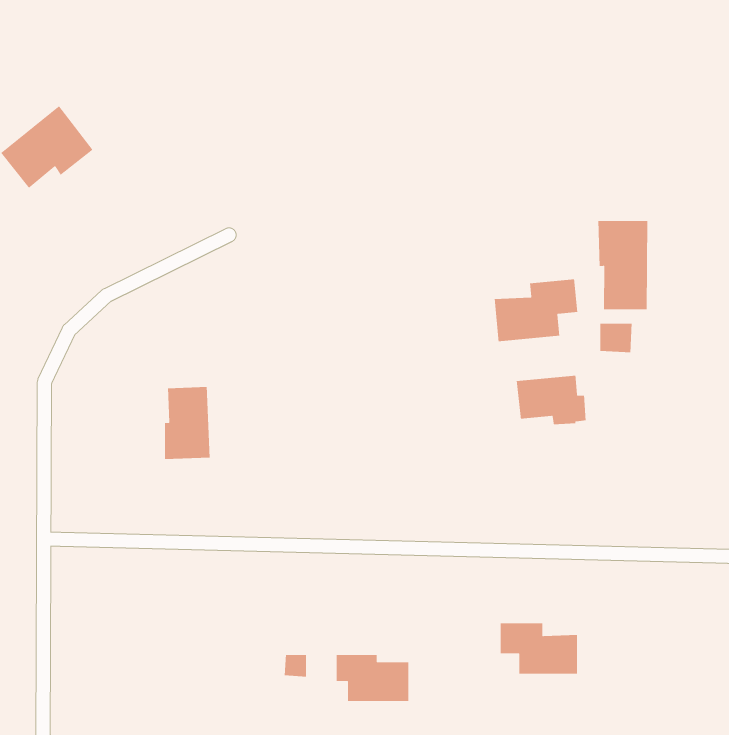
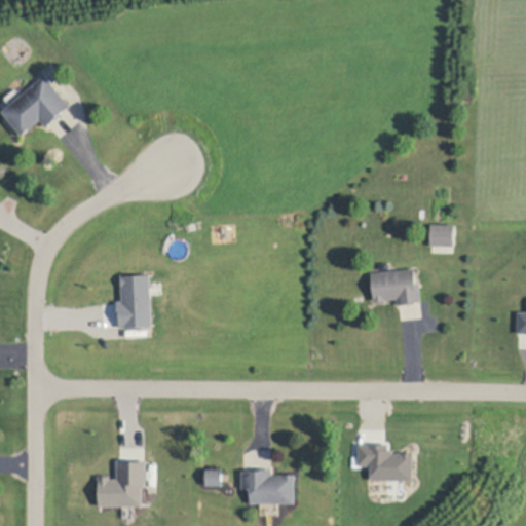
building: [598,220,648,310] -> none
building: [494,278,578,342] -> none
building: none -> [98,463,144,508]

